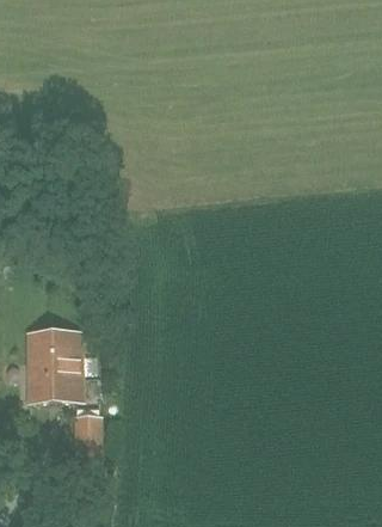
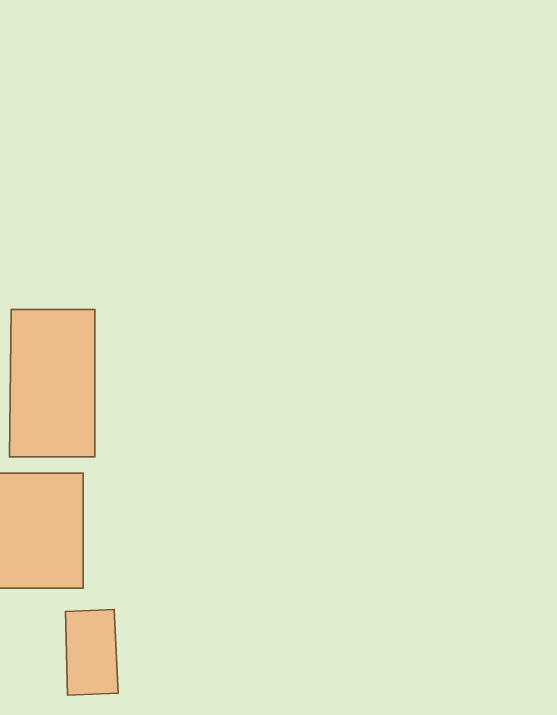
building: none -> [10,309,95,457]

